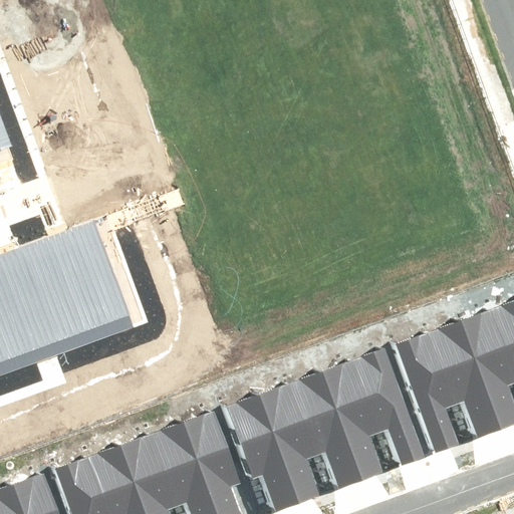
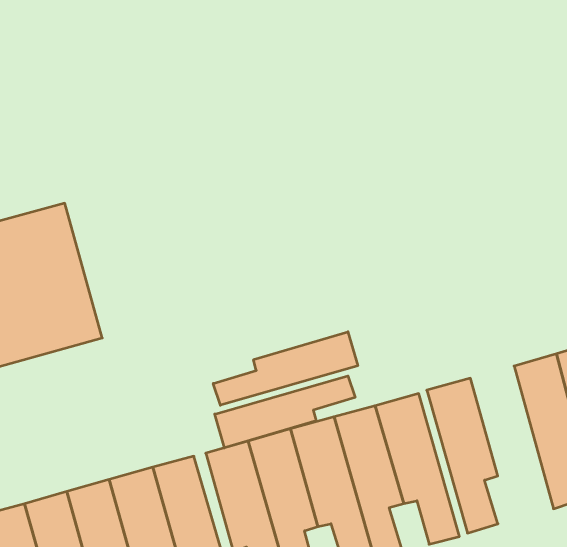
building: none -> [213,332,358,405]
building: [427,320,499,437] -> none
building: none -> [215,376,355,448]

